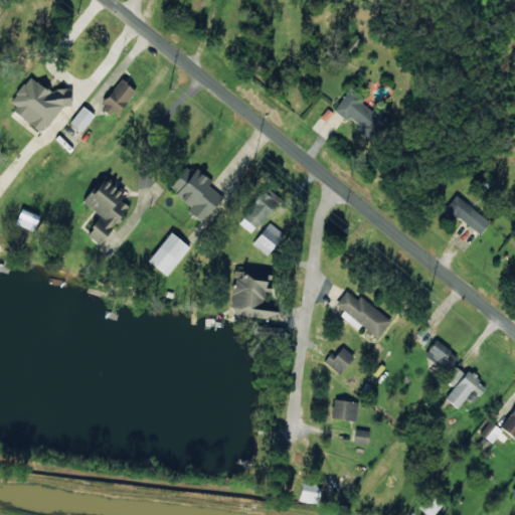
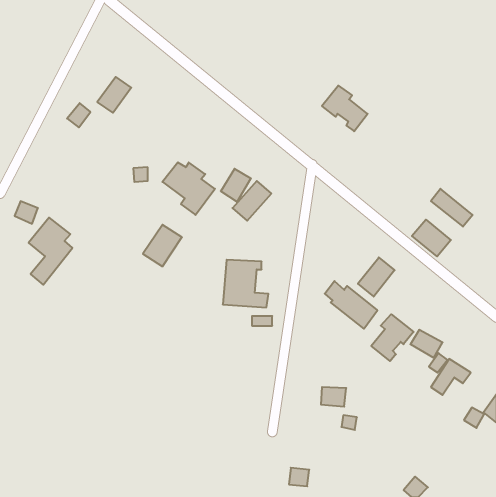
building: [8,75,72,133] -> none
building: [84,176,130,245] -> [29,218,72,285]
building: [253,222,285,256] -> [221,169,251,202]
building: none -> [412,220,451,256]
building: none -> [358,257,395,297]
building: none -> [371,314,414,361]
building: [324,347,355,375] -> none

